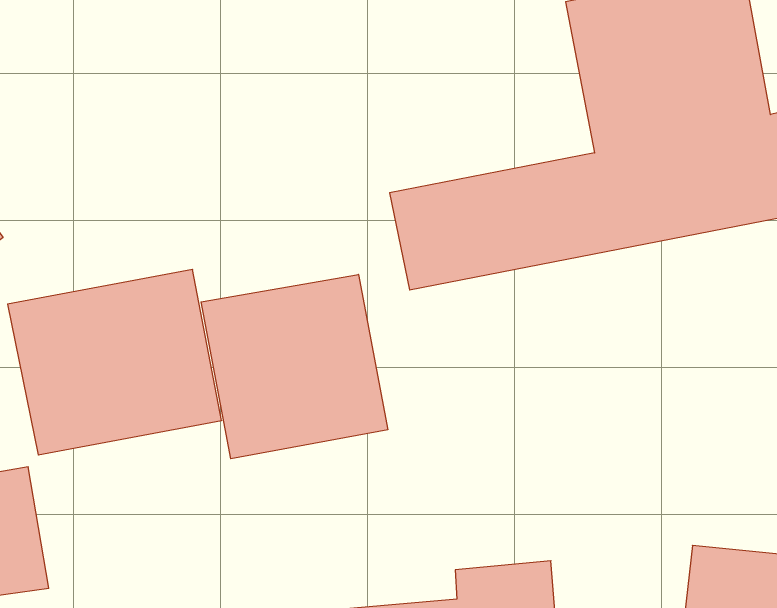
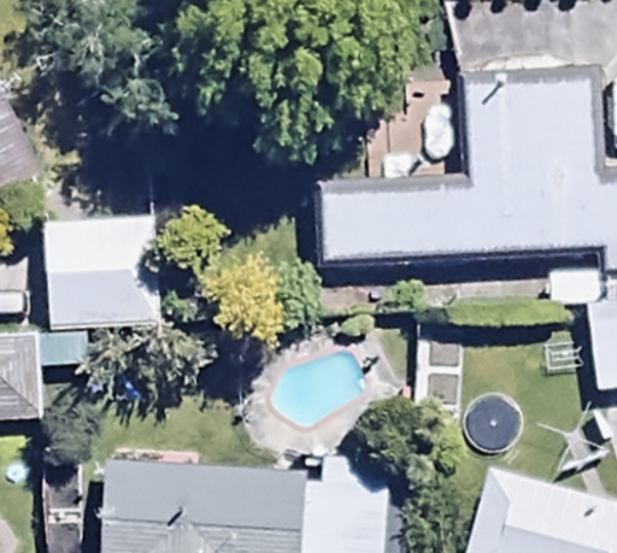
building: [201,274,388,459] -> none

